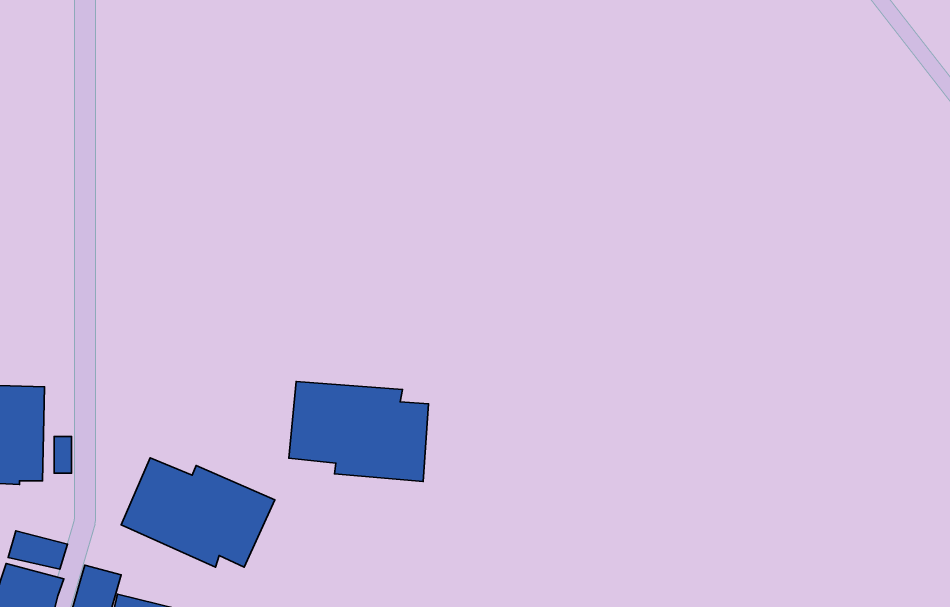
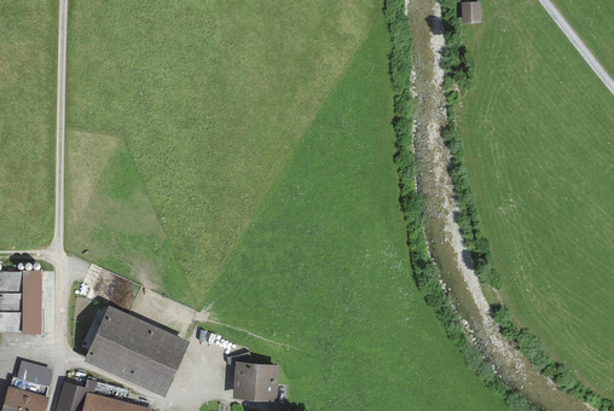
building: [289,381,429,481] -> none
building: none -> [236,364,276,395]

